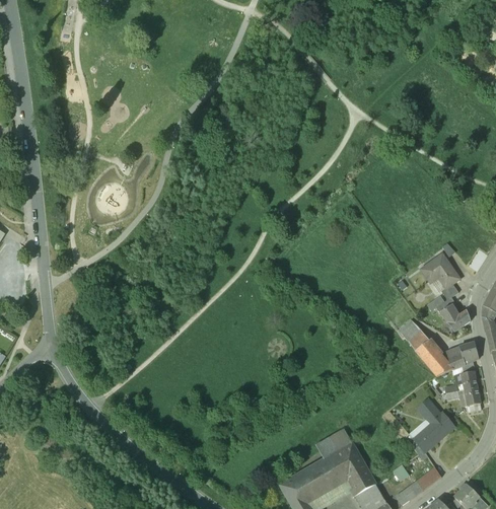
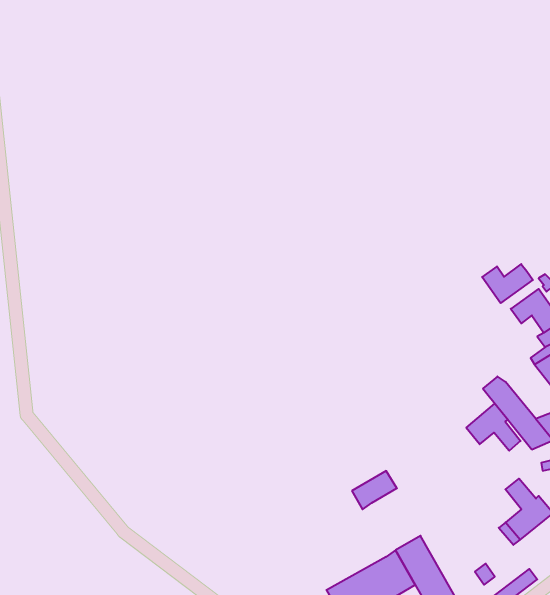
building: none -> [482,264,533,303]
building: none -> [466,403,521,451]
building: [317,430,352,459] -> [352,471,397,509]

